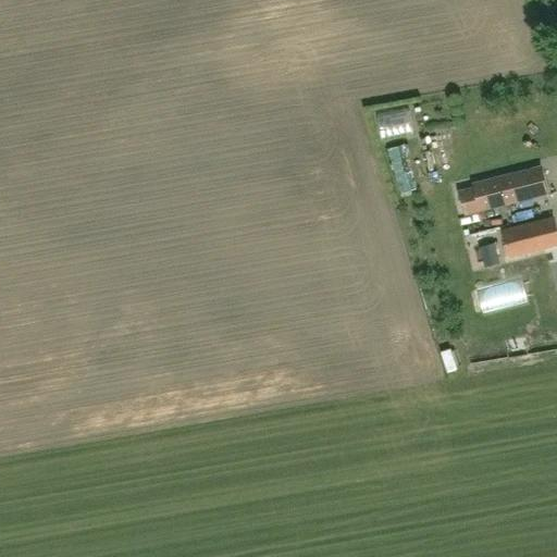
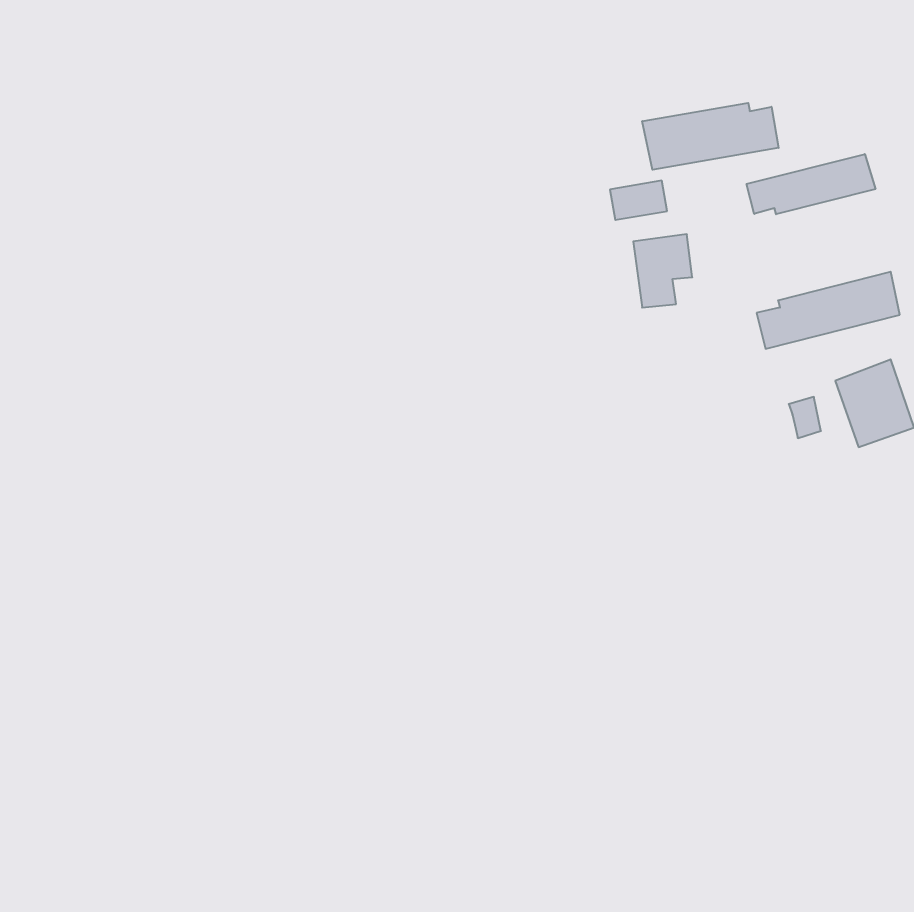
building: none -> [642,103,779,170]
building: none -> [747,154,875,214]

